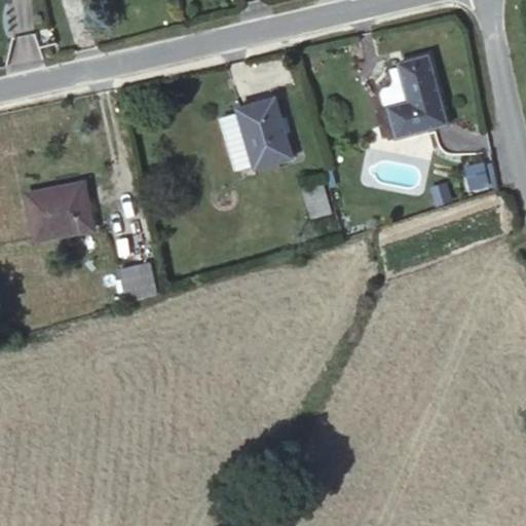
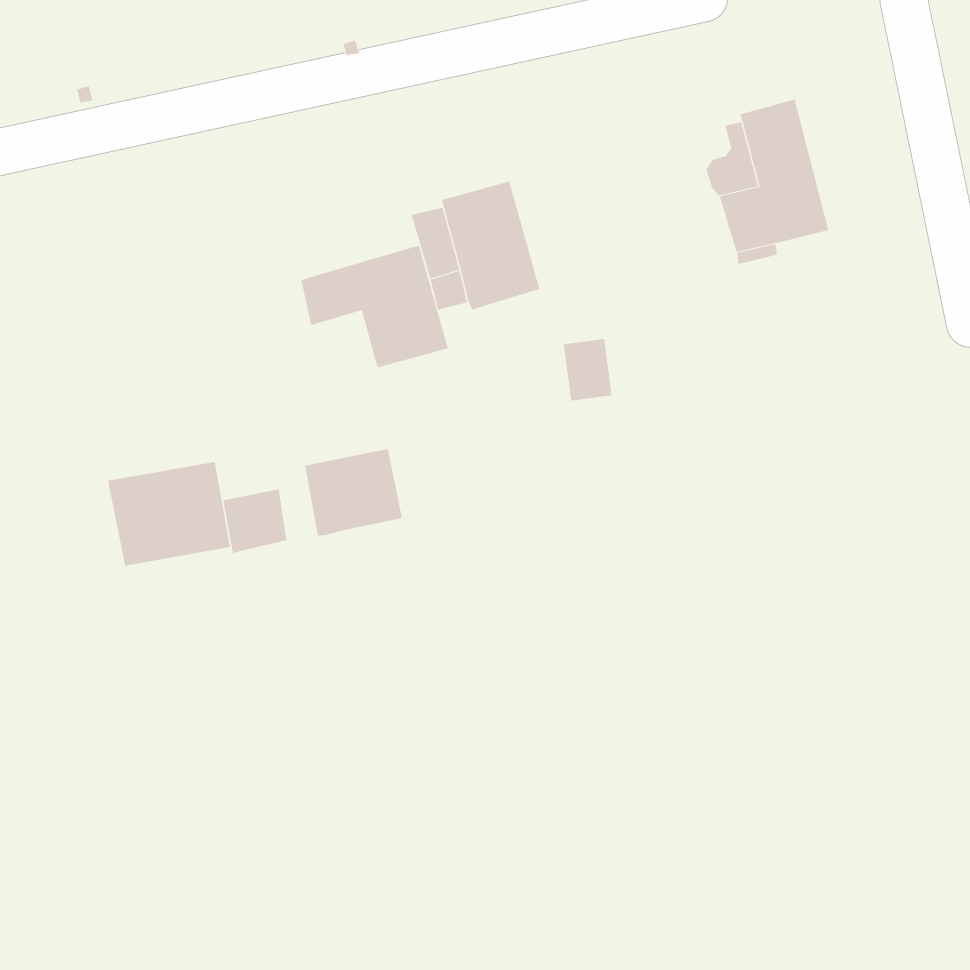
building: none -> [301,245,448,368]
building: [26,183,92,239] -> [107,461,231,566]
building: none -> [304,448,402,536]

